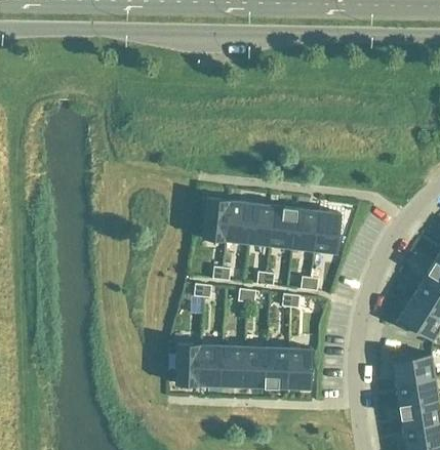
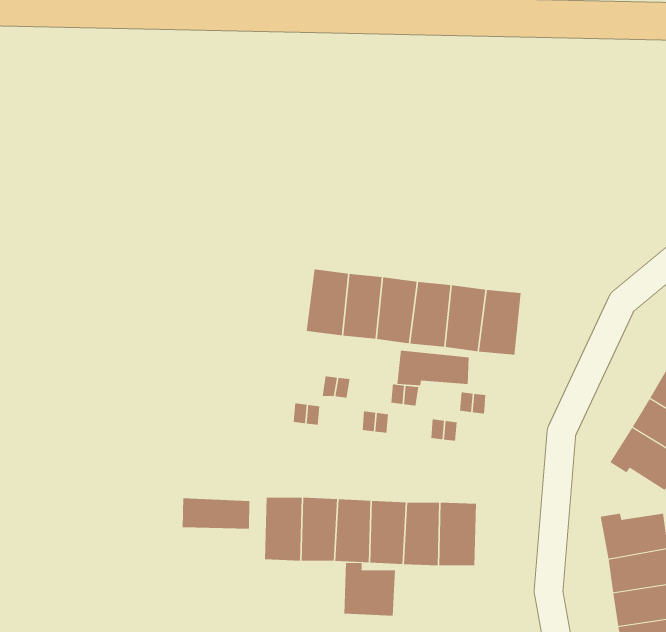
building: none -> [397,350,469,386]
building: none -> [182,498,250,529]
building: none -> [344,562,395,617]

